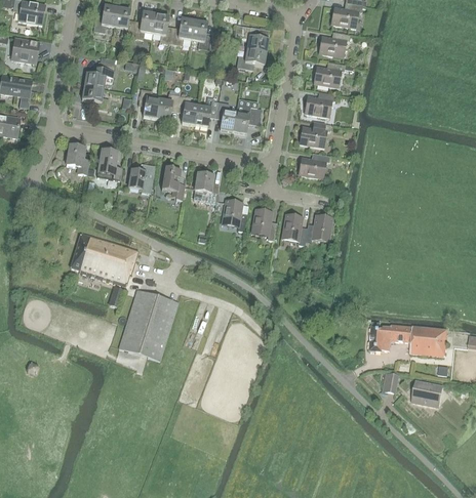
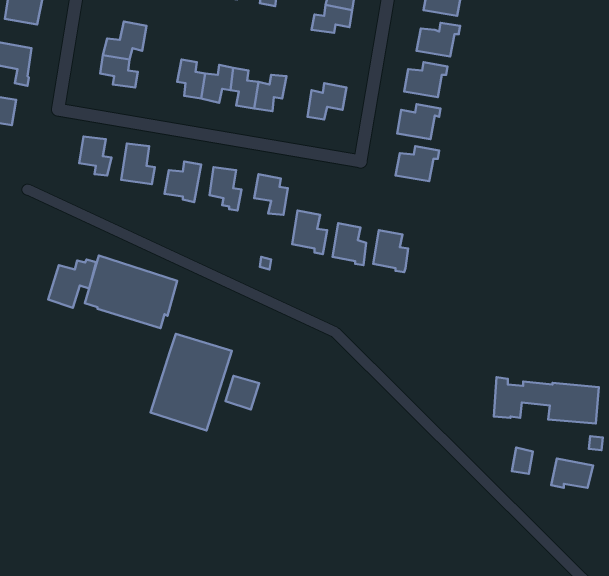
building: [214,100,236,130] -> none
building: [305,214,332,241] -> none
building: none -> [48,259,96,308]
building: none -> [226,376,259,409]

